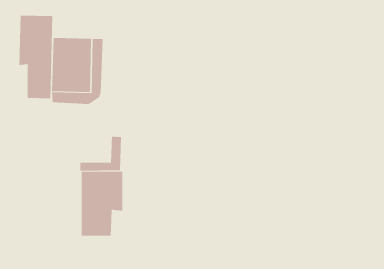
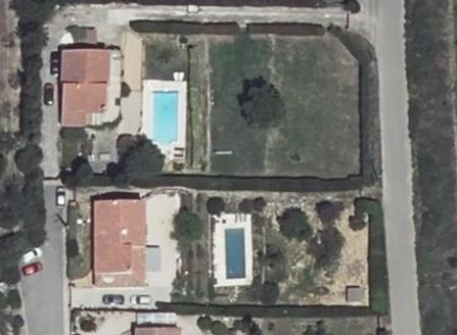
building: [19,15,53,99] -> none
building: [79,136,122,171] -> [94,244,142,284]

